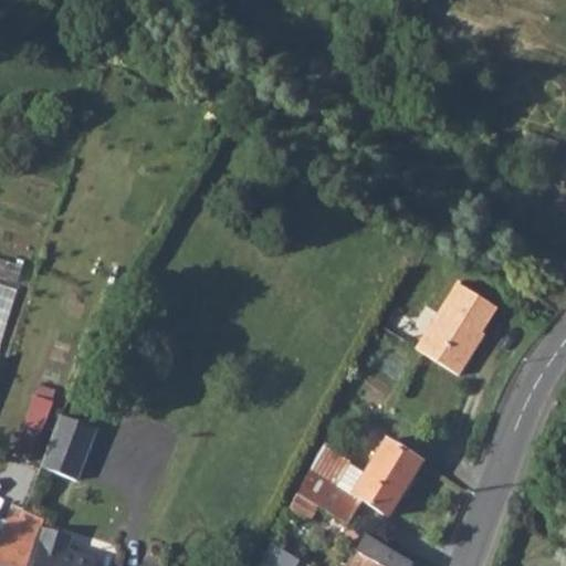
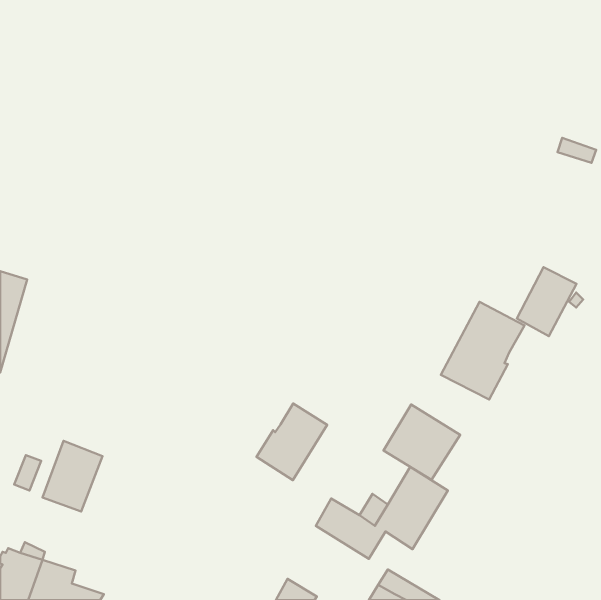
building: none -> [517,267,576,336]
building: none -> [256,403,327,480]
building: none -> [383,404,460,480]

